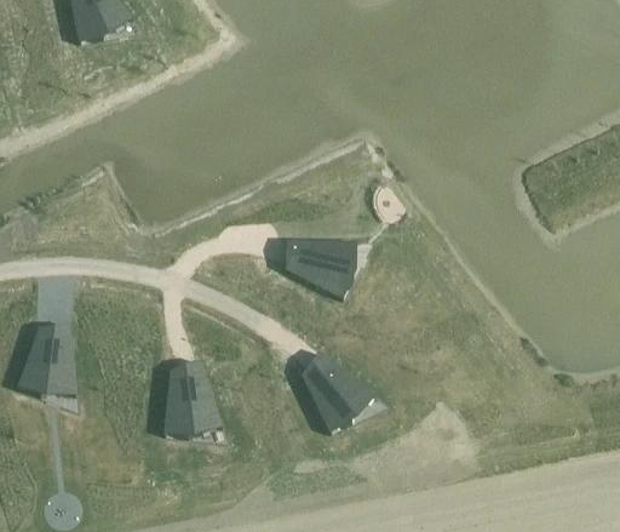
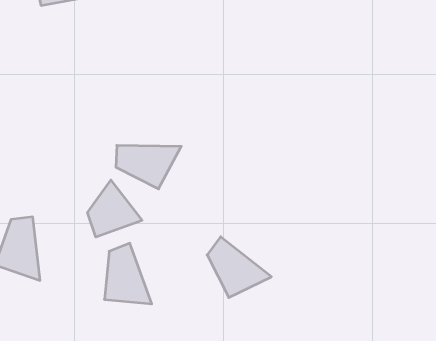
building: [285,239,372,297] -> [116,145,181,189]
building: none -> [88,180,142,237]

